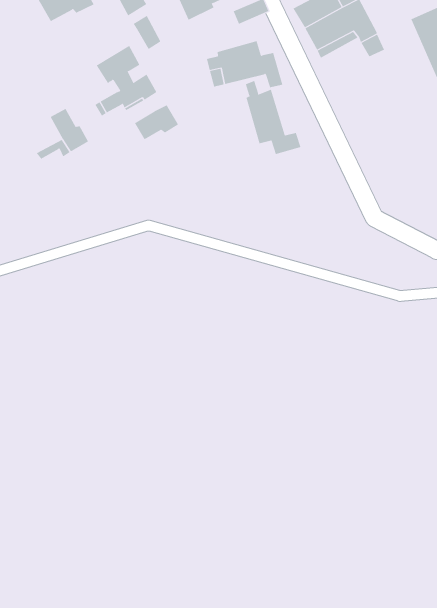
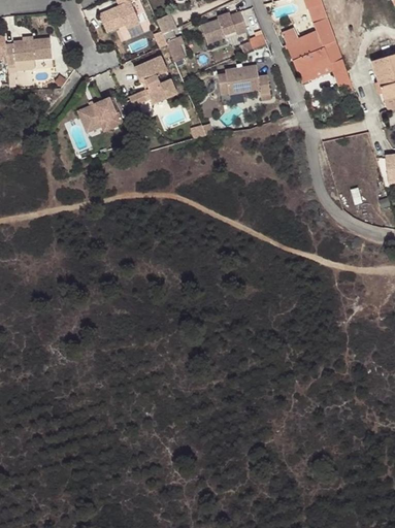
building: [245,80,301,155] -> none
building: [134,105,179,140] -> none
building: none -> [76,103,103,129]

